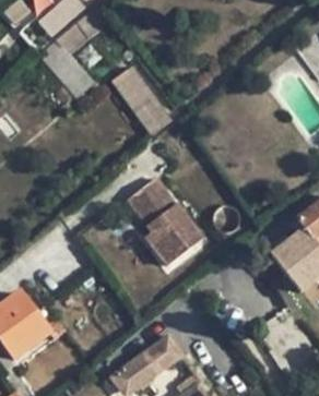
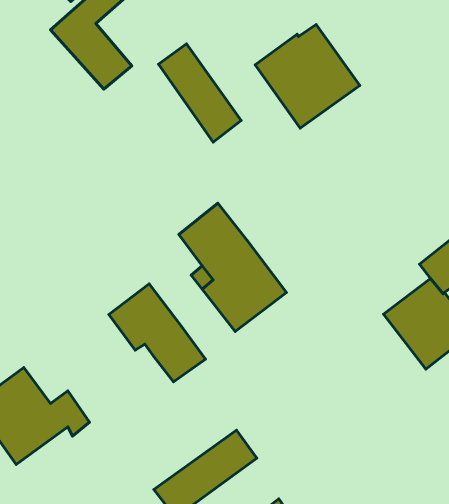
building: none -> [255,25,360,128]
building: none -> [109,284,205,382]

